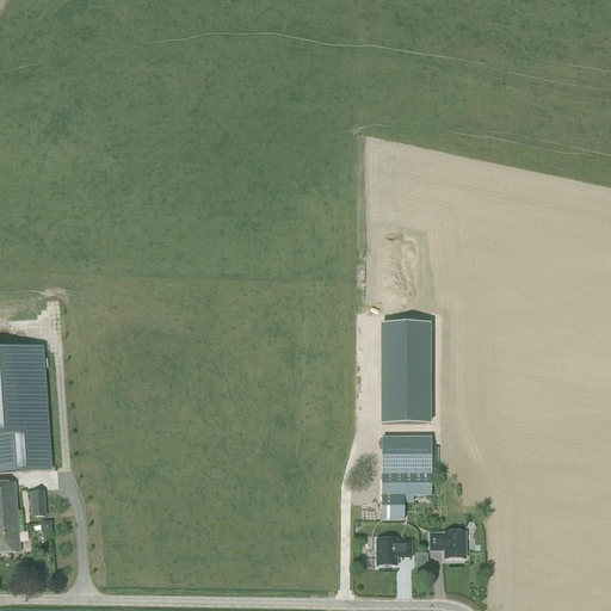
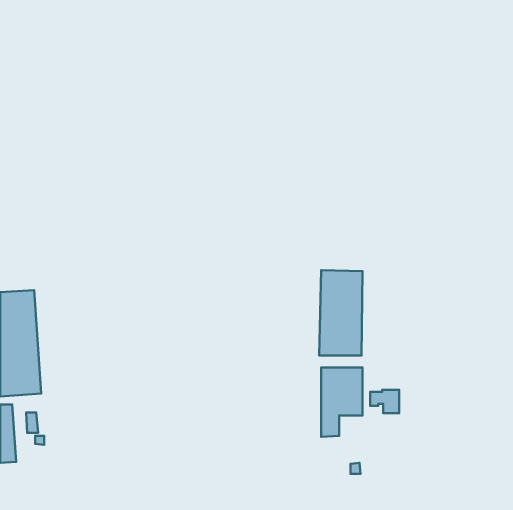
building: [430,530,464,557] -> [370,390,399,413]
building: [377,538,411,564] -> none

